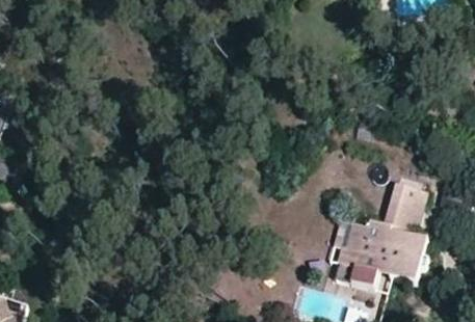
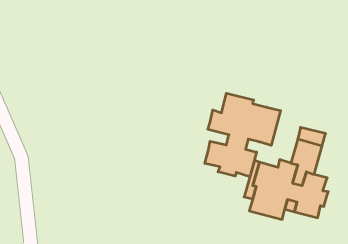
building: none -> [205,93,281,177]

